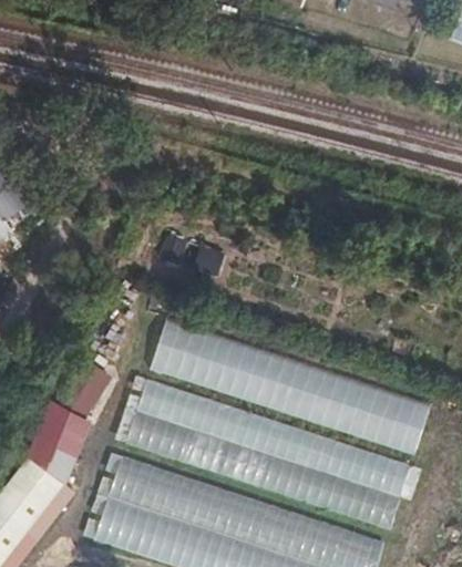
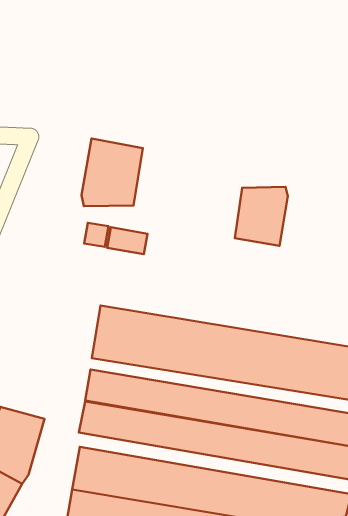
building: none -> [81,138,143,206]
building: none -> [235,187,288,246]
building: [58,359,112,417] -> none

